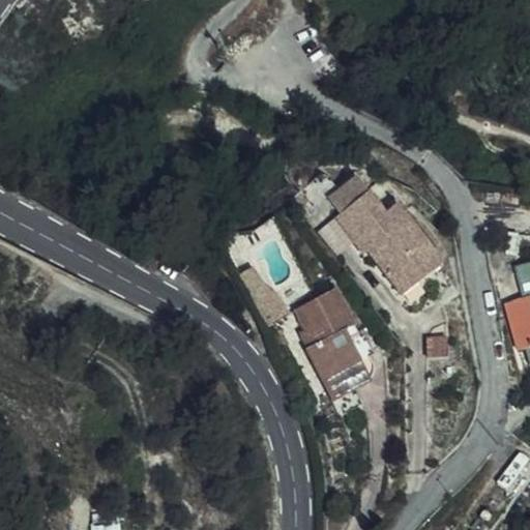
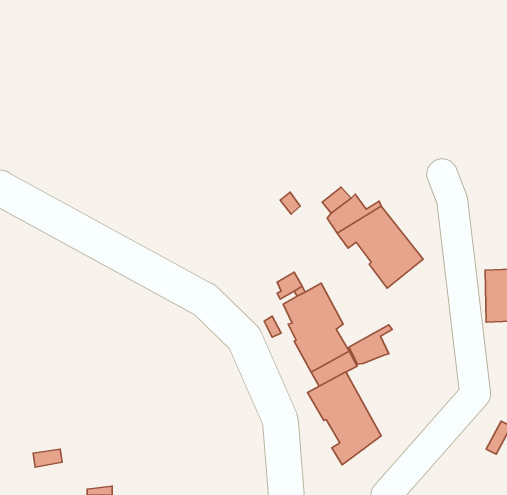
building: none -> [349,325,392,364]
building: none -> [307,372,381,465]

